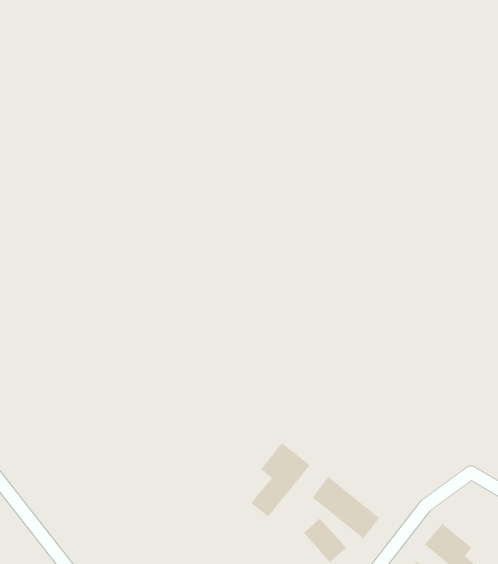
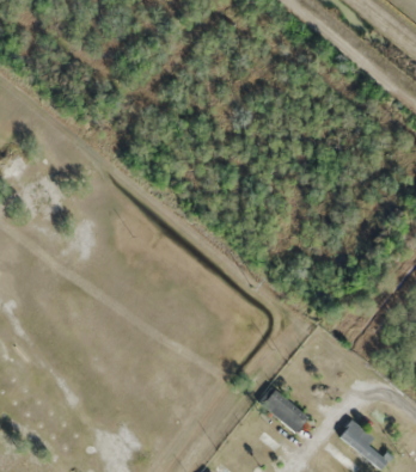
building: [250,442,311,517] -> none

